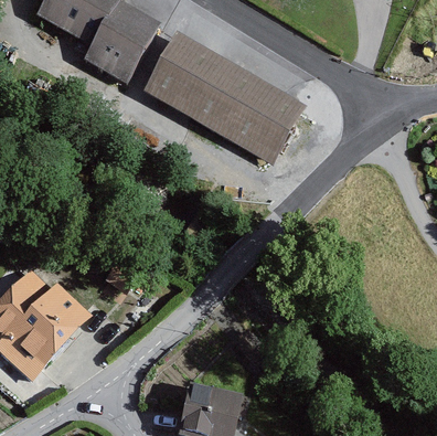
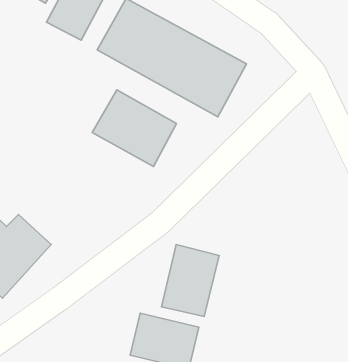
building: none -> [92,90,177,166]
building: none -> [162,245,219,316]

